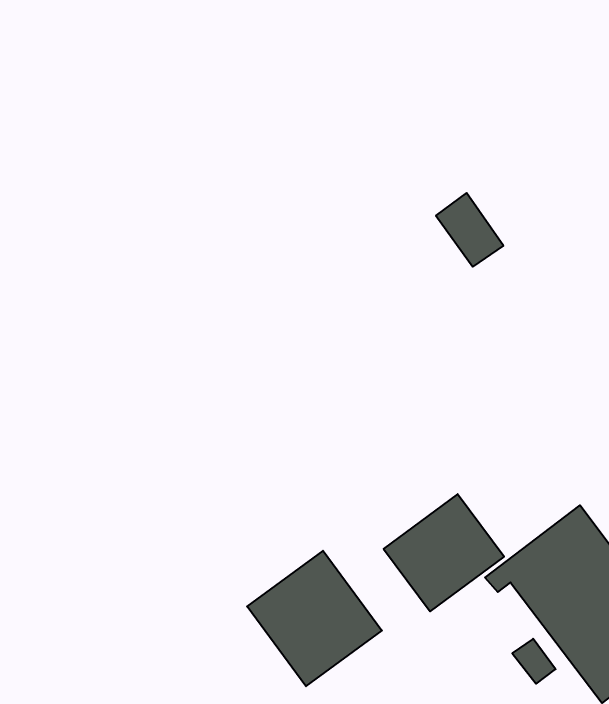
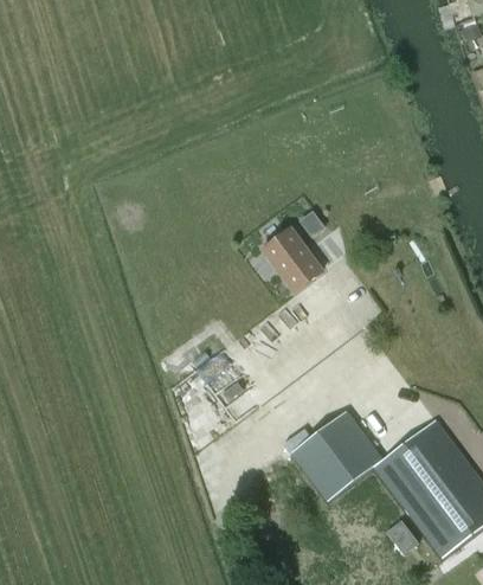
building: [436,193,503,267] -> [269,230,318,284]
building: [247,551,382,686] -> none

